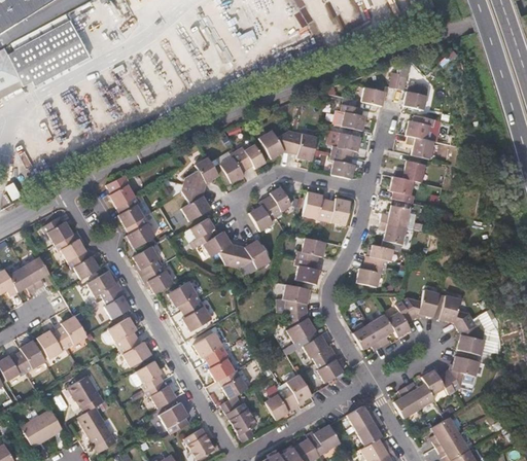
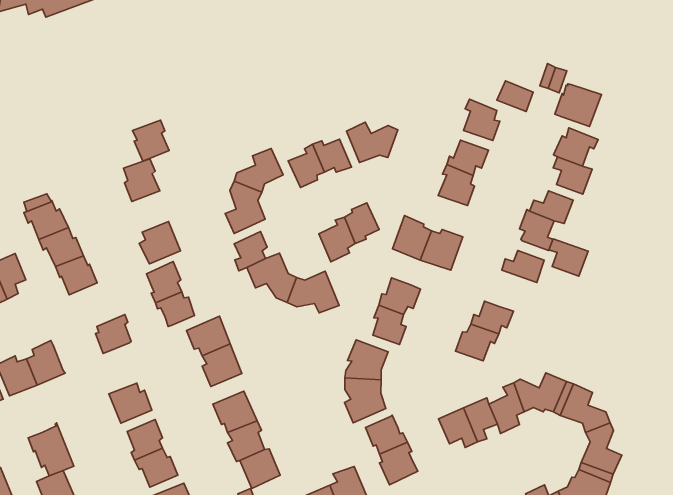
building: [291,132,318,162] -> none
building: [115,199,143,229] -> [133,120,169,161]
building: [381,220,409,244] -> [549,239,588,276]
building: [85,271,121,300] -> none
building: [102,316,137,347] -> none

